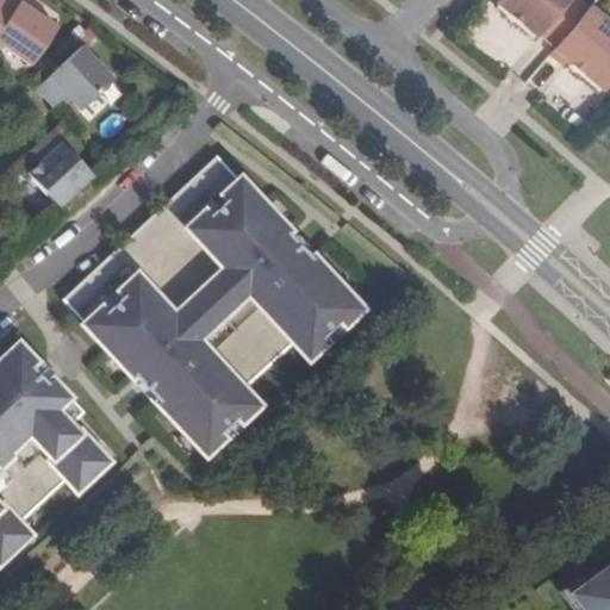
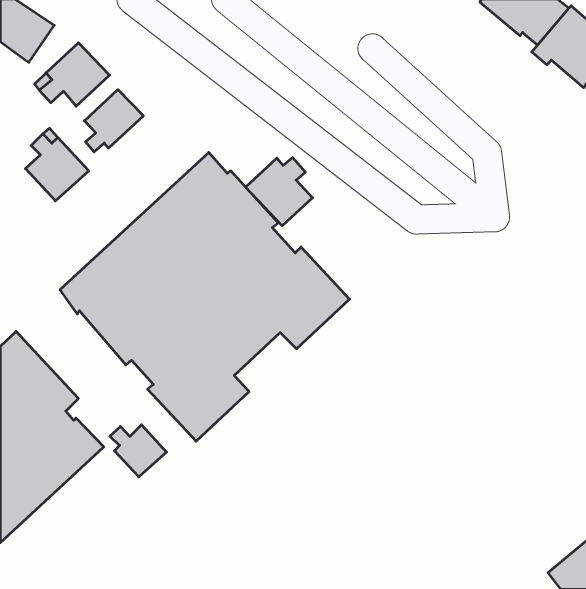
building: none -> [84,90,143,152]
building: none -> [246,158,313,226]
building: none -> [110,425,167,477]

